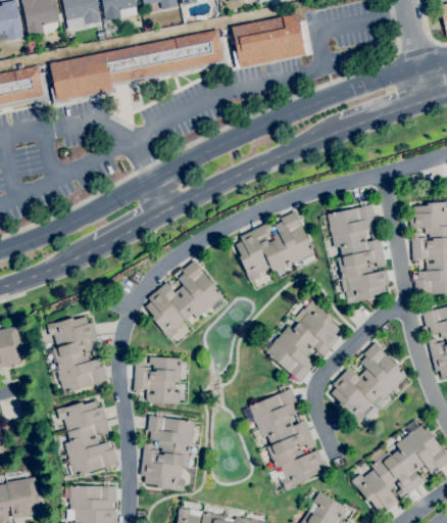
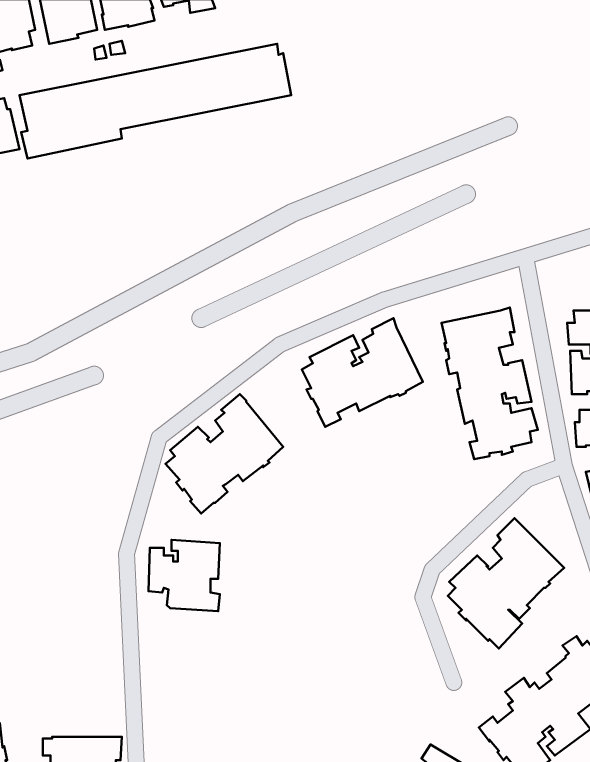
building: [232,13,308,68] -> none
building: [265,300,340,382] -> none
building: [46,316,108,393] -> none
building: [244,387,322,490] -> none
building: [56,400,118,476] -> none
building: [140,415,195,491] -> none

